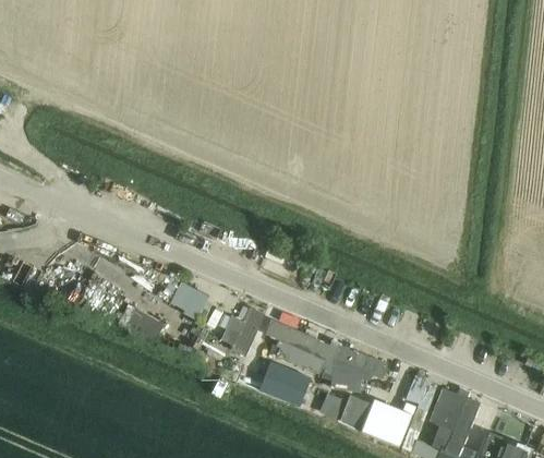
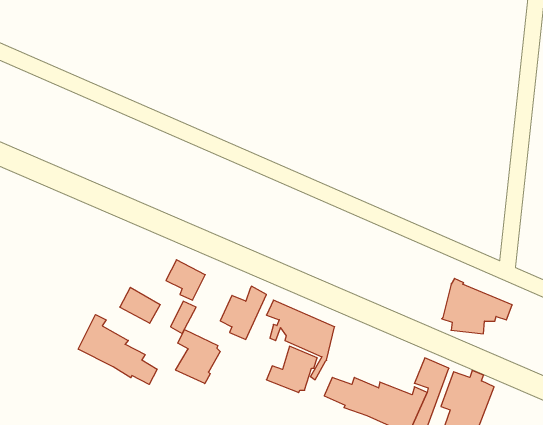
building: none -> [78,315,157,384]
building: [321,340,387,393] -> [442,278,512,334]
building: none -> [176,329,220,384]

